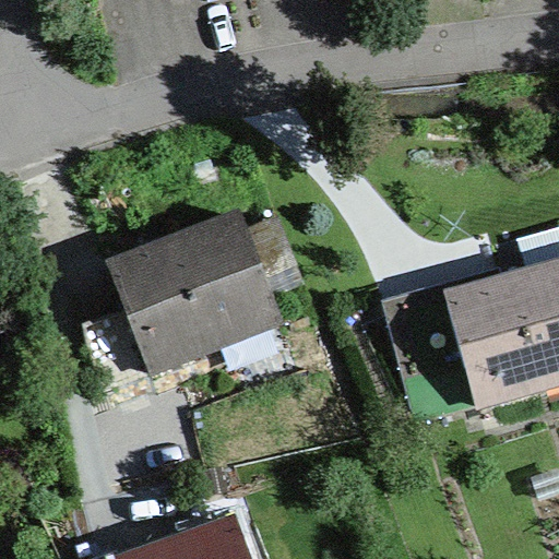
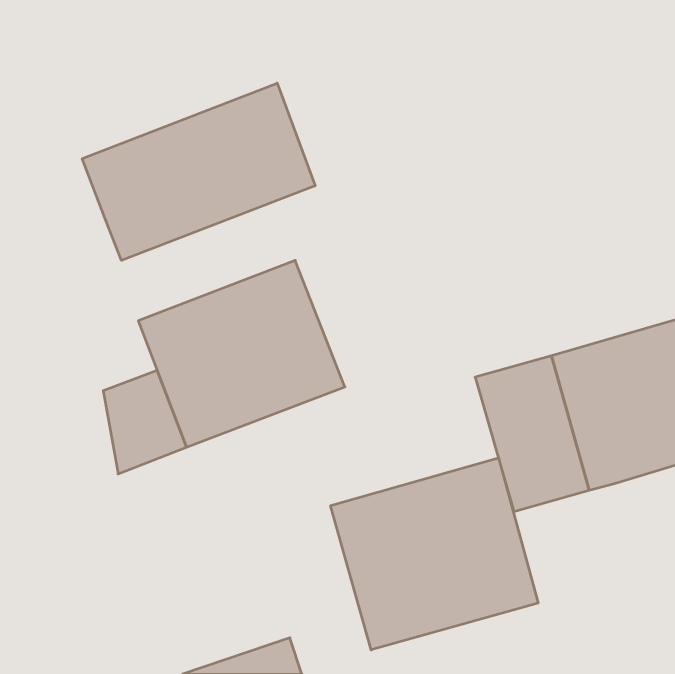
building: none -> [82,83,315,260]
building: none -> [331,458,538,650]

